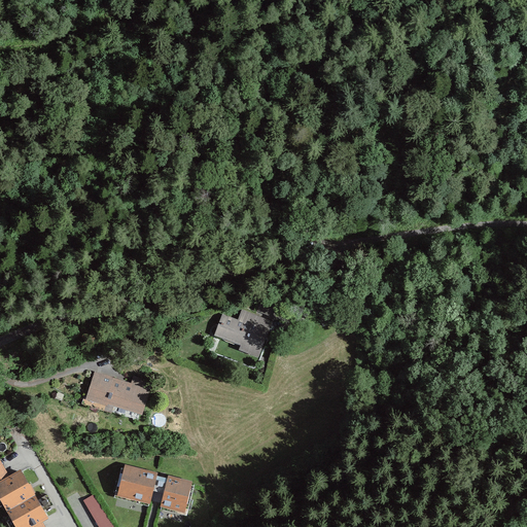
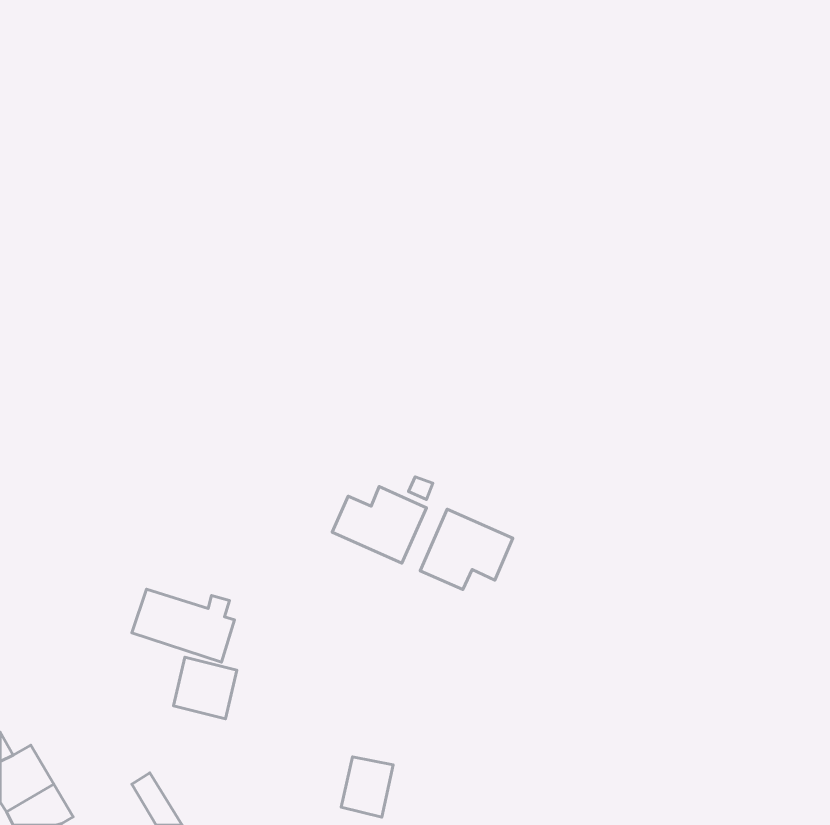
building: none -> [420,509,513,589]
building: [114,466,154,505] -> [173,657,237,719]
building: [159,477,191,515] -> [341,757,393,817]

